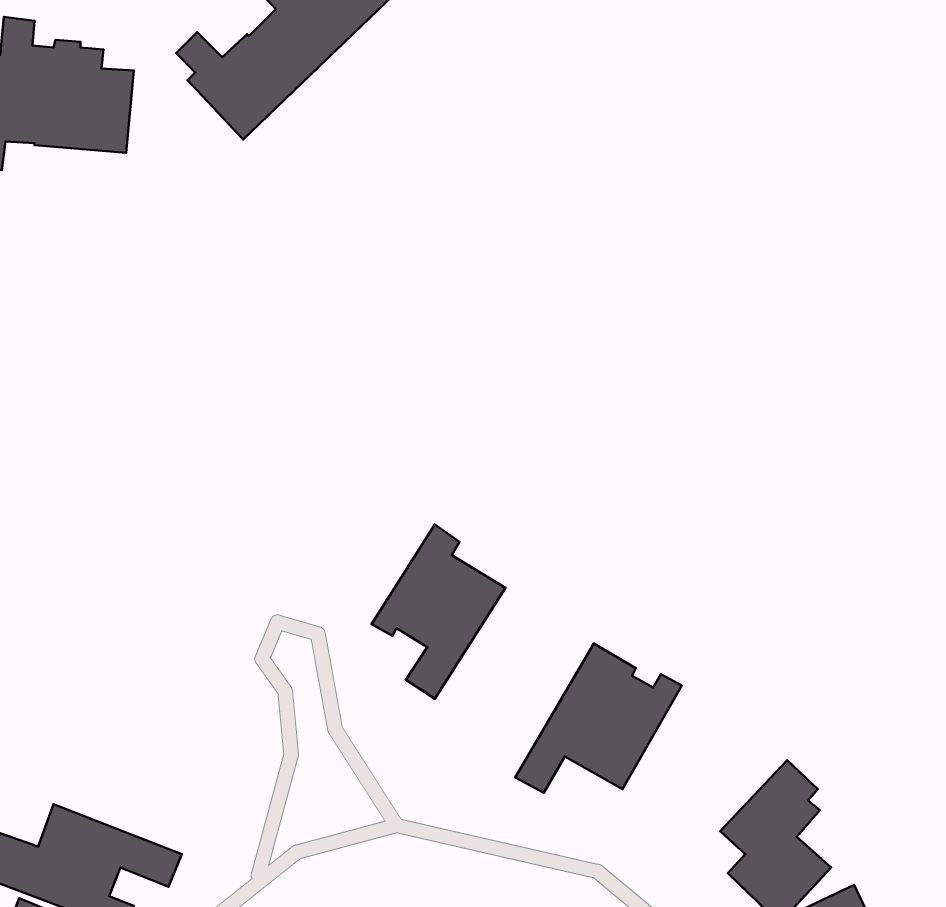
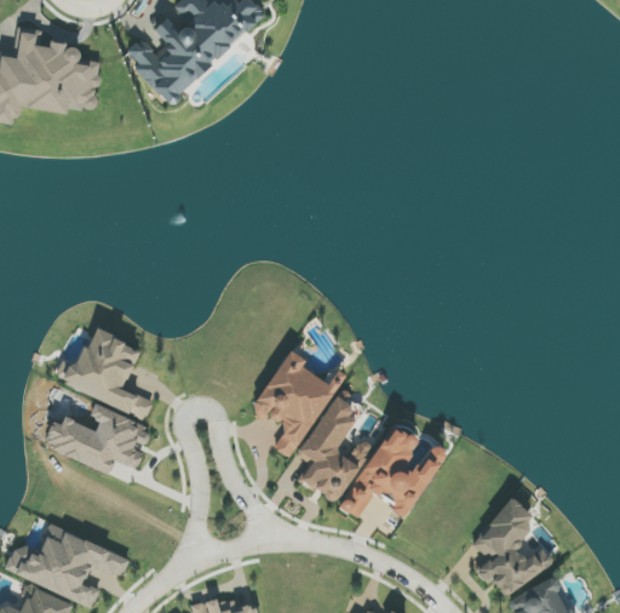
building: none -> [53,330,153,417]
building: none -> [297,396,373,504]
building: none -> [42,405,150,472]

